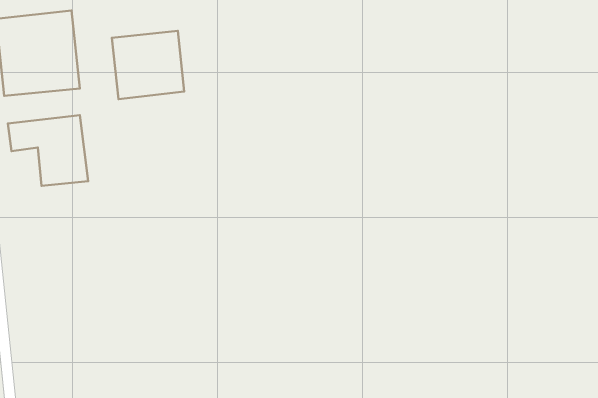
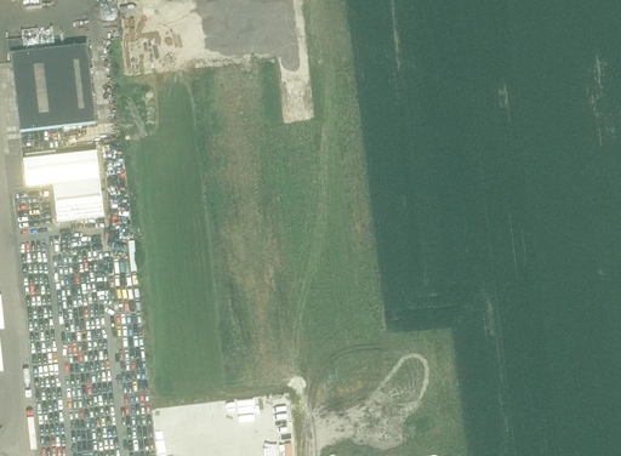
building: [112,31,184,99] -> none

